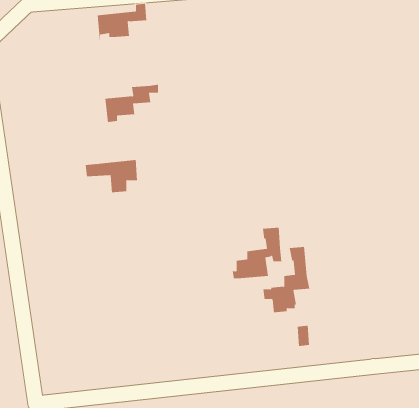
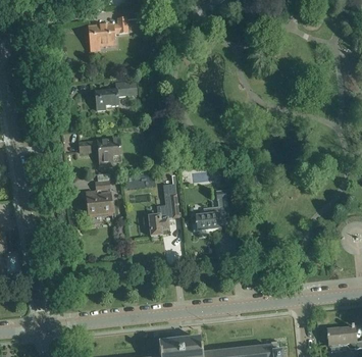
building: none -> [87,181,112,214]
building: [262,247,310,313] -> [143,184,179,235]

